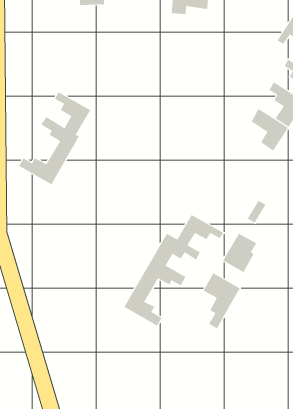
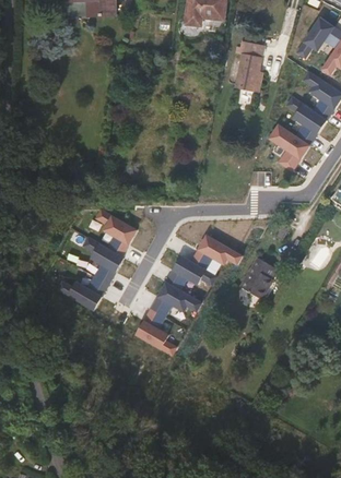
building: none -> [235,40,264,92]
building: [18,92,91,185] -> [57,211,134,310]
building: [203,272,240,329] -> none

